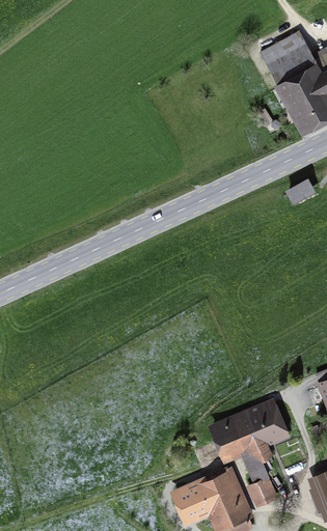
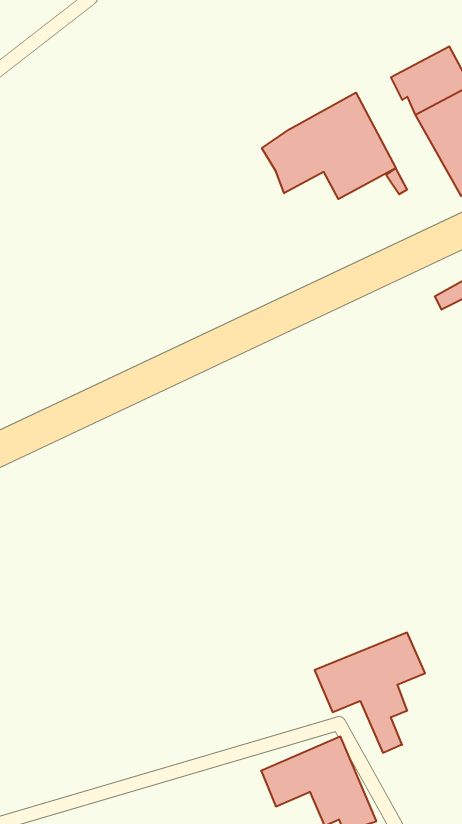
building: none -> [262,93,396,199]
building: [248,478,274,505] -> none

